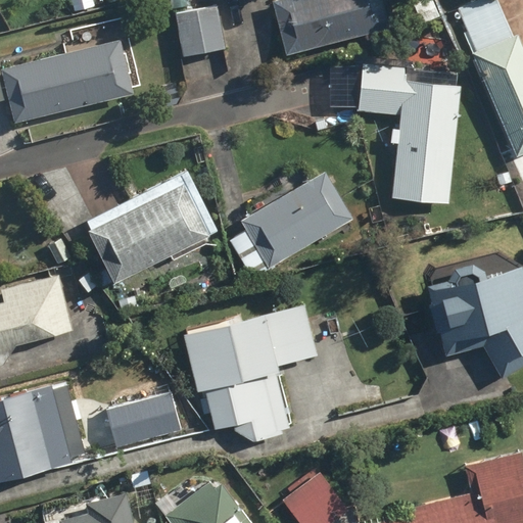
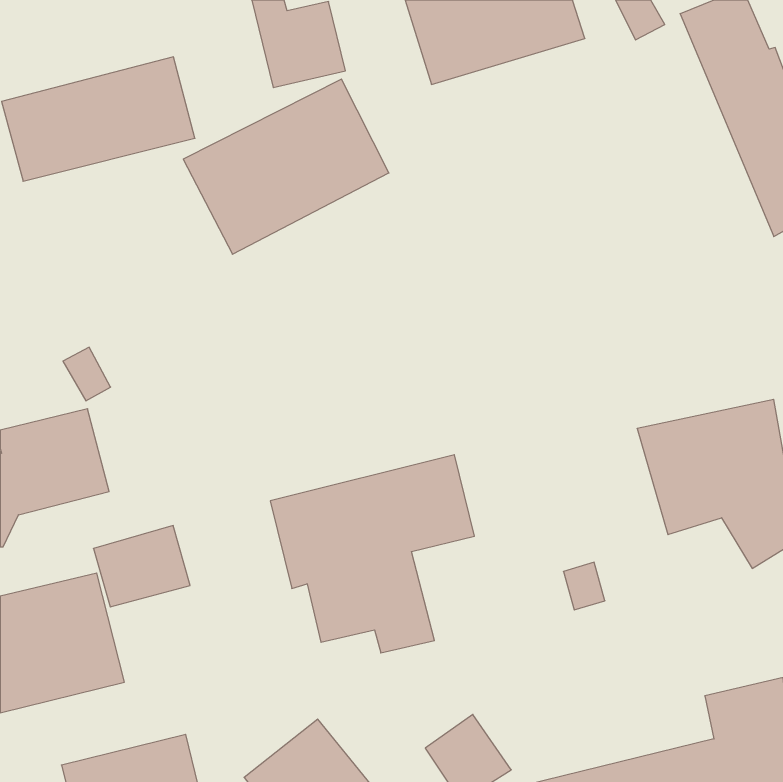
building: [358,63,462,205] -> none
building: [82,169,219,285] -> [183,79,389,254]
building: [229,171,352,281] -> none
building: [116,391,181,445] -> [93,526,190,607]

